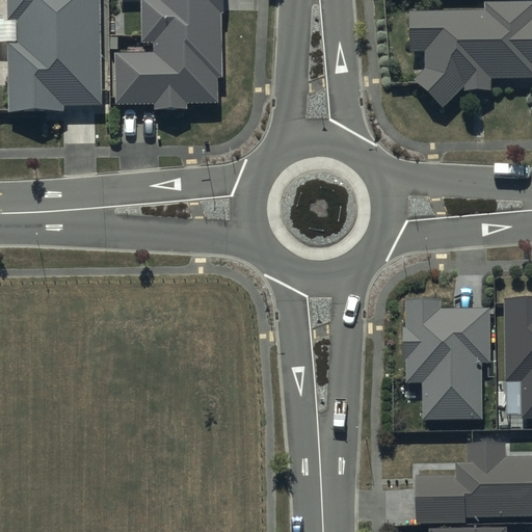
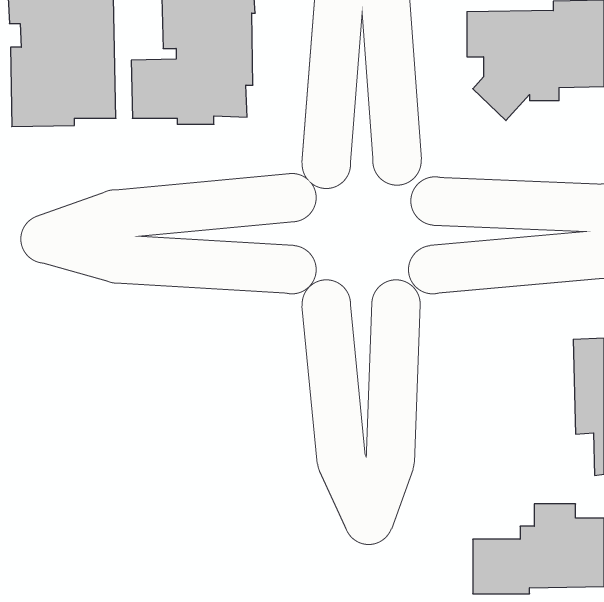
building: [403,299,490,419] -> none

